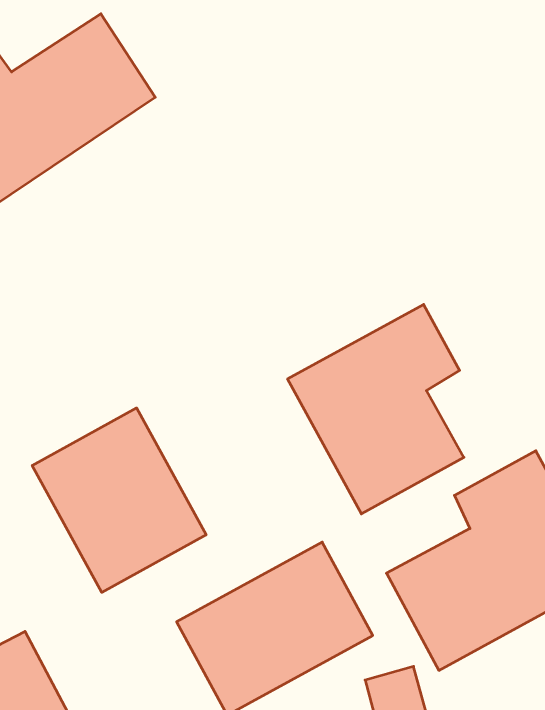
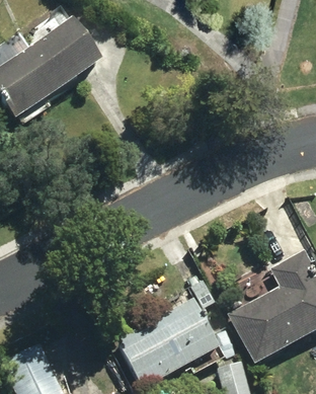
building: [288,304,464,514] -> none
building: [32,408,206,592] -> none

